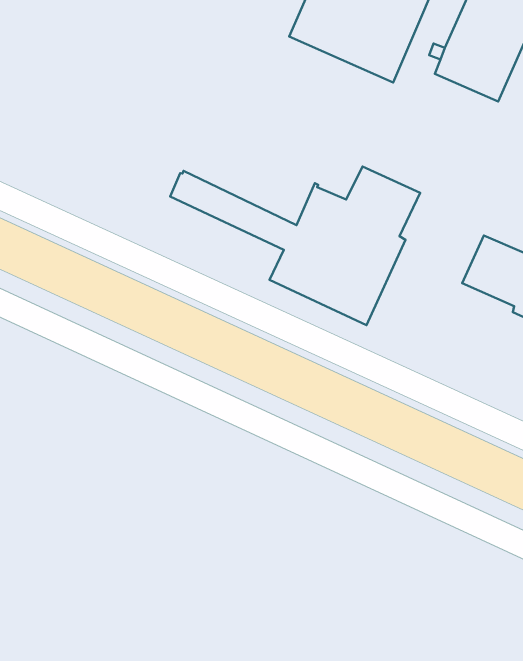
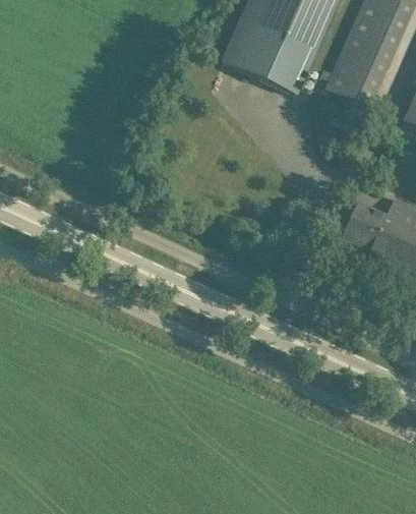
building: [170,166,420,325] -> none

